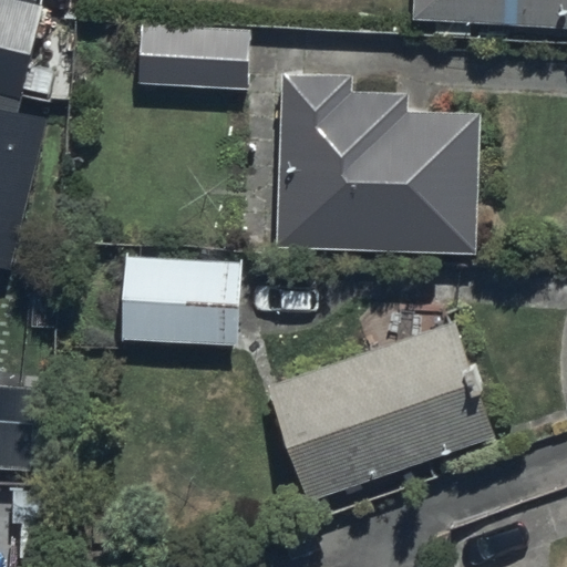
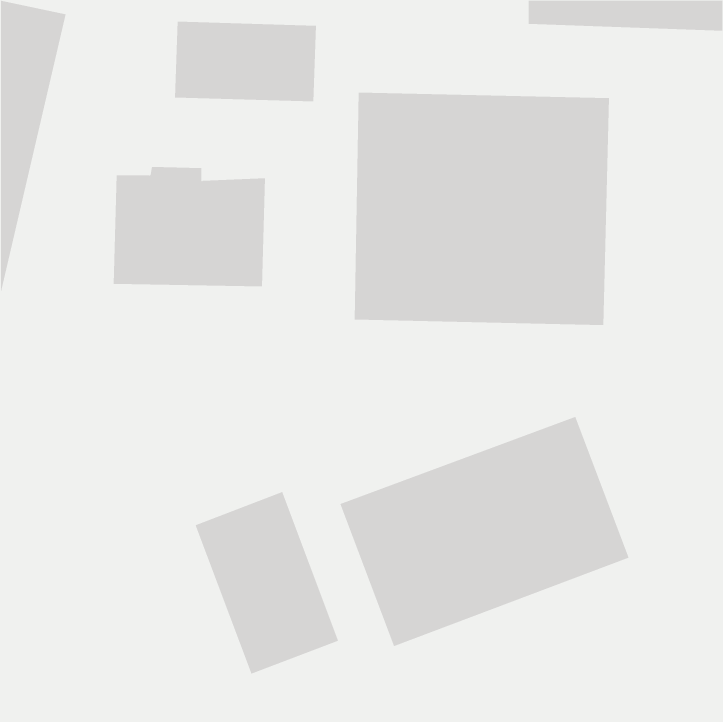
building: [118,240,238,334] -> [113,167,266,287]
building: none -> [195,491,339,675]

